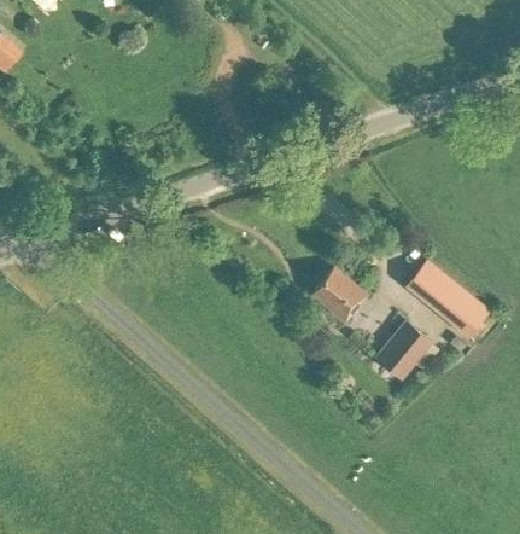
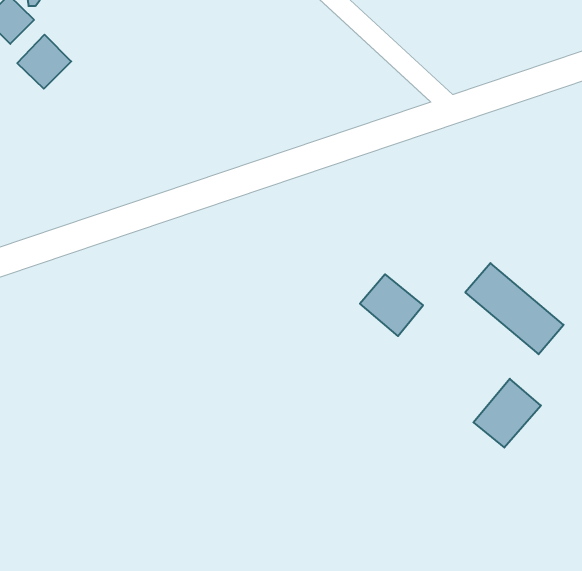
building: none -> [17,35,71,89]
building: [374,320,432,379] -> [473,379,541,448]

